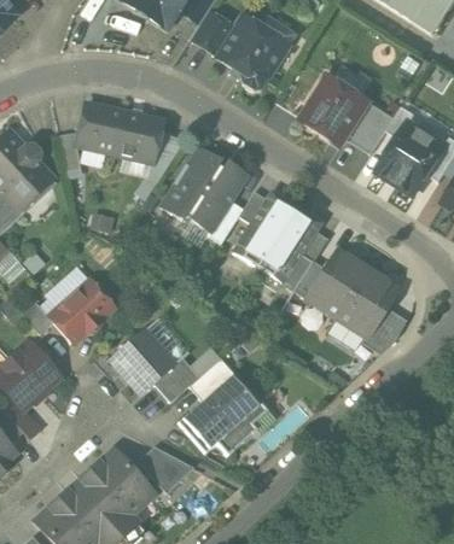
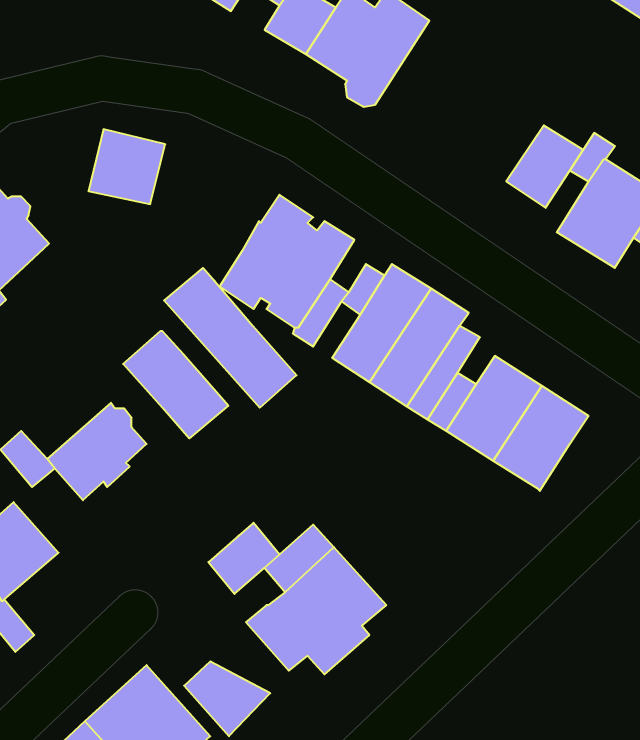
building: [299,74,369,146] -> none
building: [116,113,162,160] -> none
building: none -> [164,268,297,408]
building: none -> [123,331,228,438]
building: [362,306,407,353] -> none
building: [112,331,173,392] -> none

